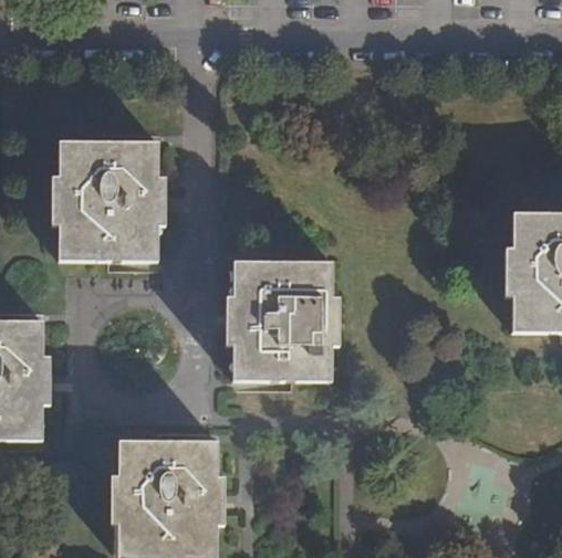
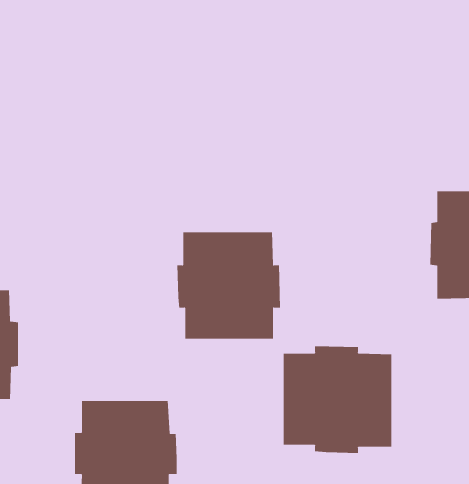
building: [51,140,169,259] -> none
building: none -> [283,345,392,454]

